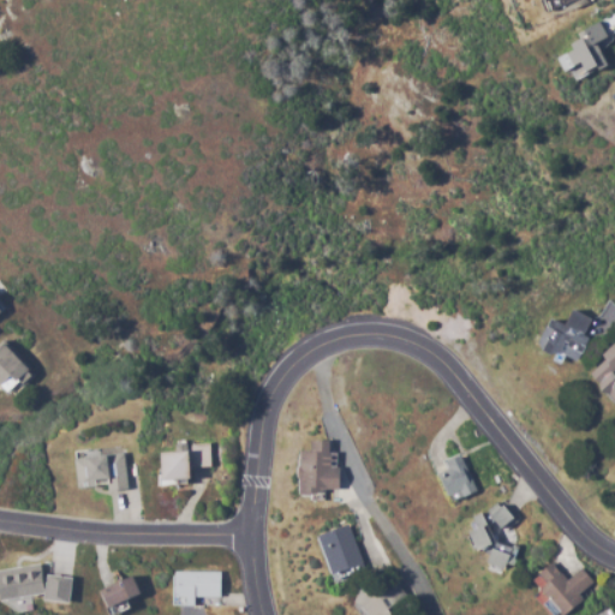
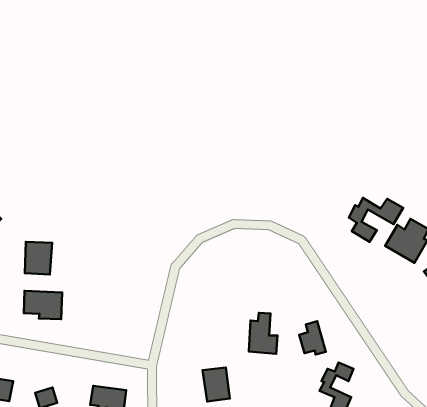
building: none -> [349,198,403,242]
building: none -> [25,242,52,274]
building: [303,440,341,492] -> [249,313,277,354]
building: [168,443,210,479] -> none

